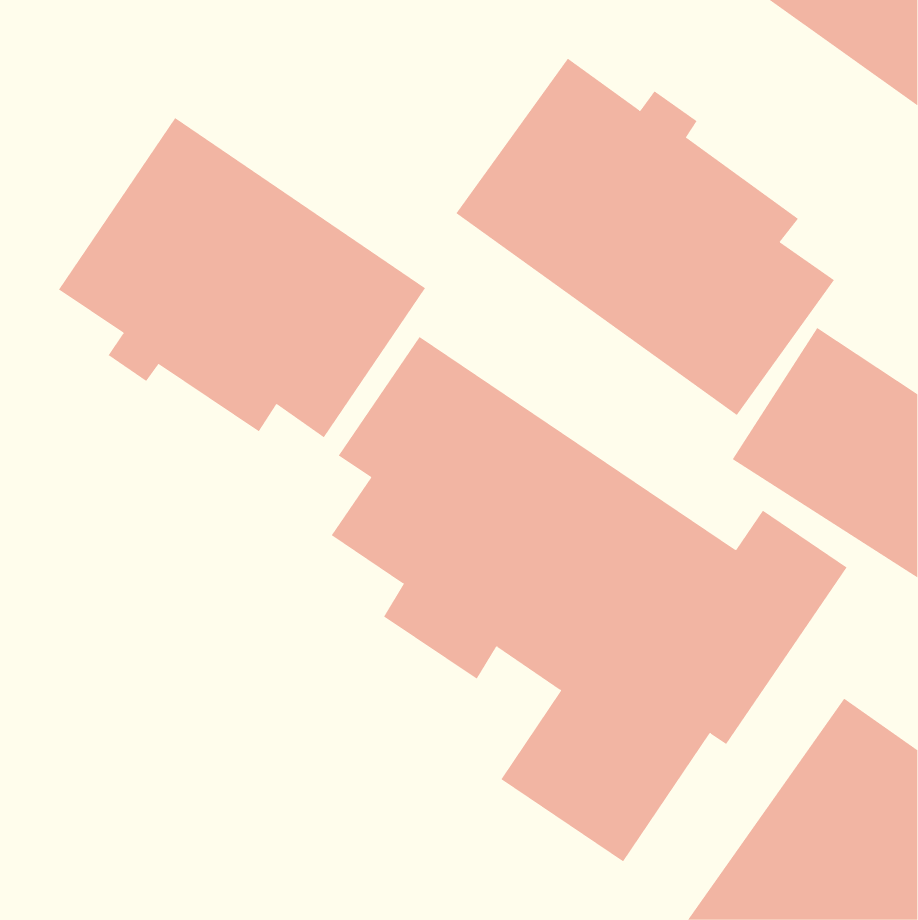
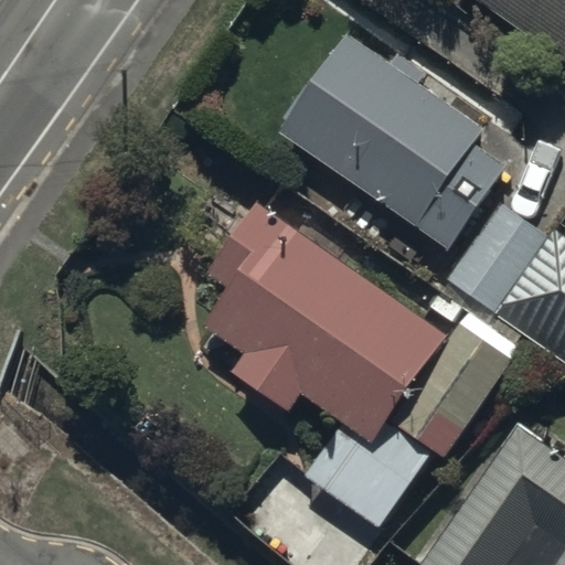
building: [58,117,426,438] -> none

